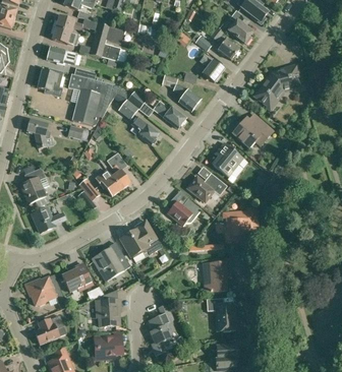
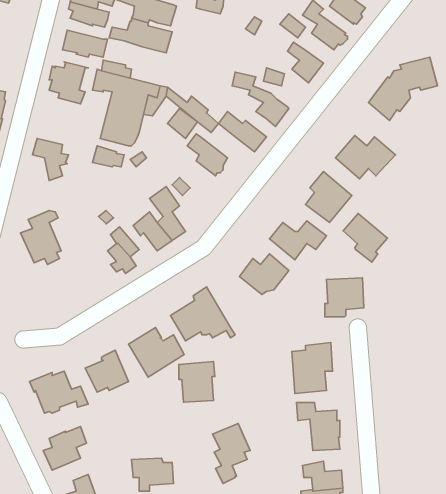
building: none -> [343,213,388,262]
building: [32,207,61,233] -> none
building: [96,299,120,326] -> [179,362,215,402]

